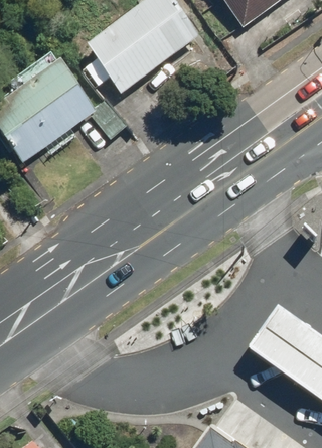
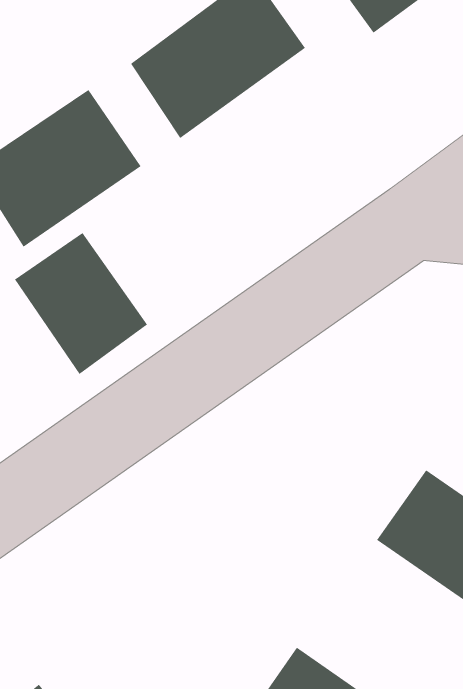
building: none -> [14,232,148,375]

